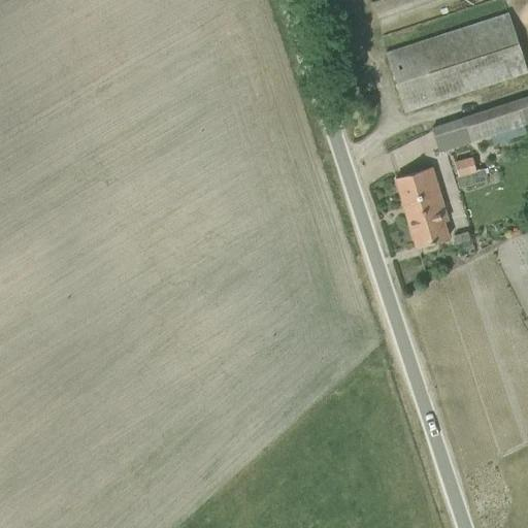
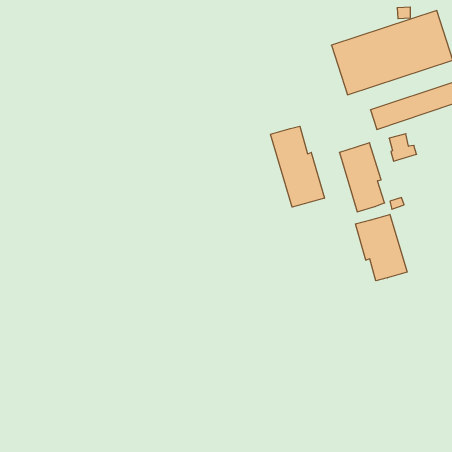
building: none -> [270,126,324,207]
building: none -> [356,214,407,281]

